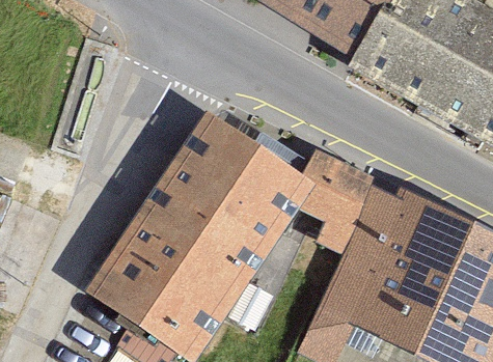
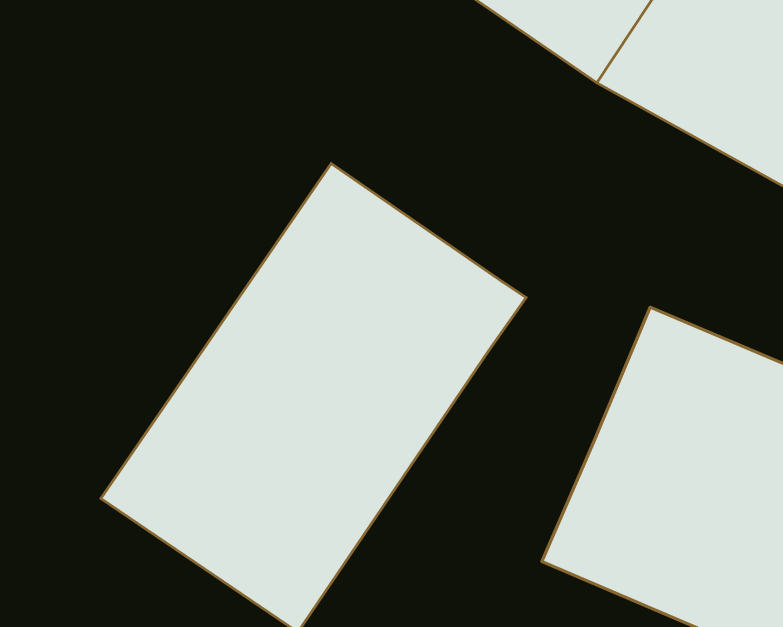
building: [294,150,379,258] -> none

